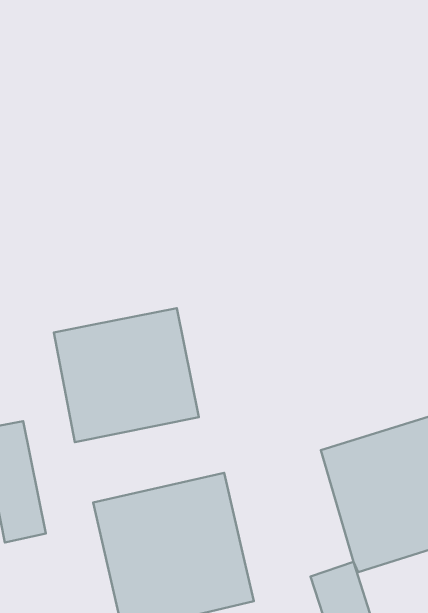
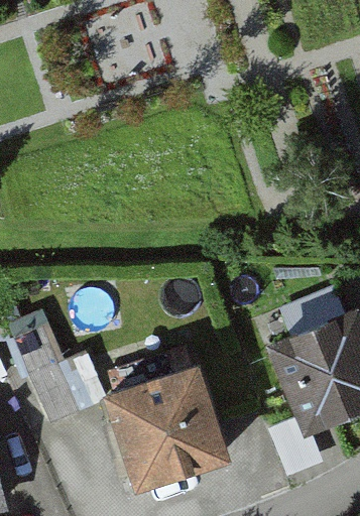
building: [54,308,199,442] -> none

